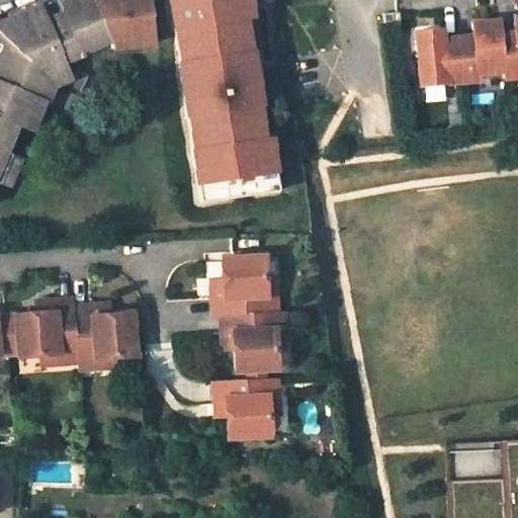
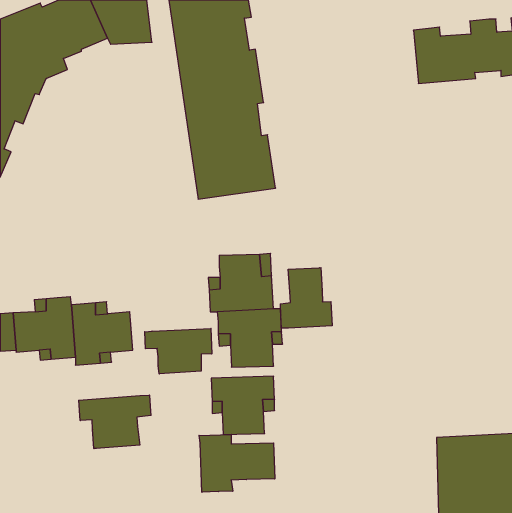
building: none -> [280,268,332,328]
building: none -> [145,328,212,374]
building: none -> [79,395,151,449]
building: none -> [199,434,275,492]

